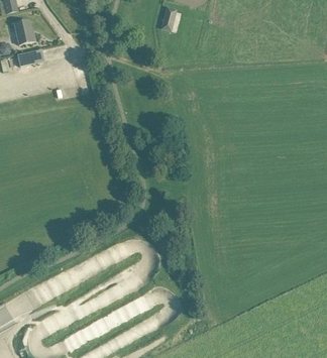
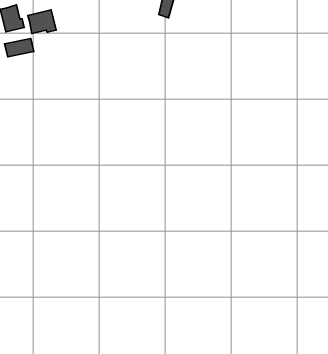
building: none -> [28,10,56,34]

